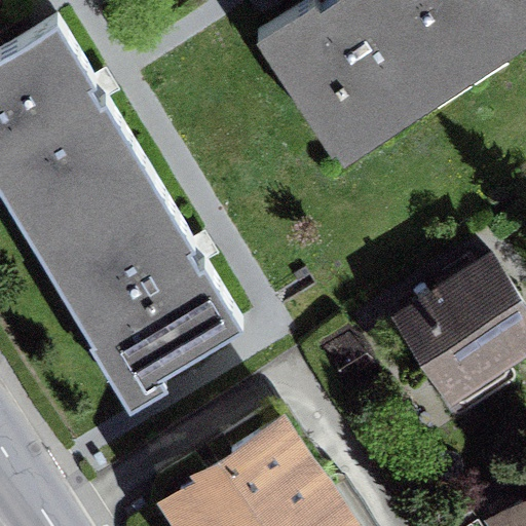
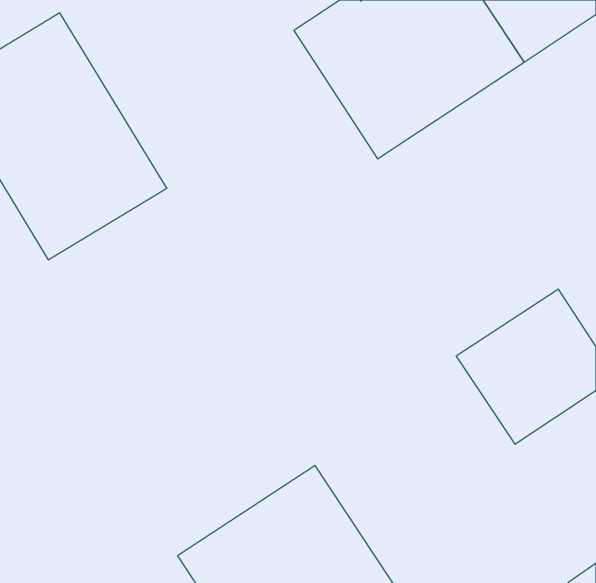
building: [42,180,237,391] -> none

